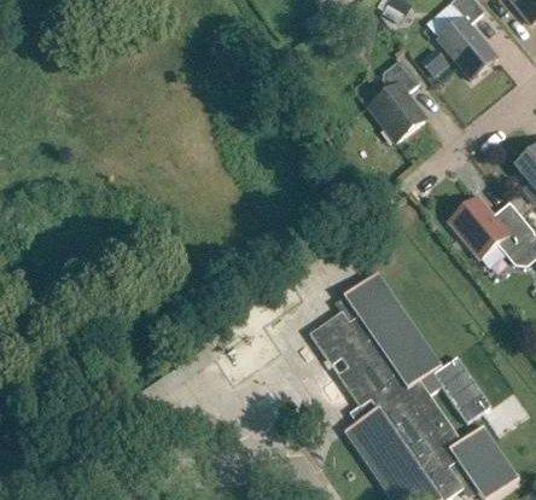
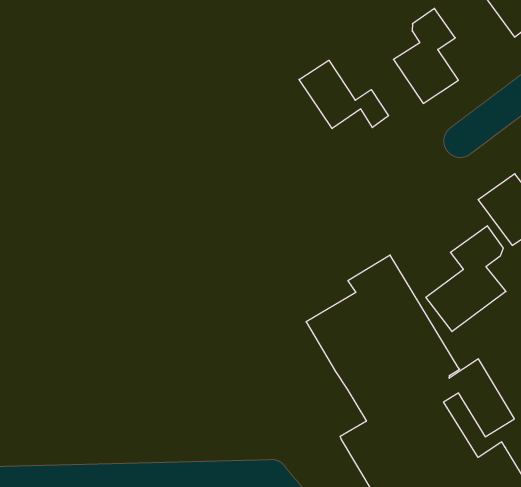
building: none -> [299,60,389,129]
building: none -> [426,226,506,332]

